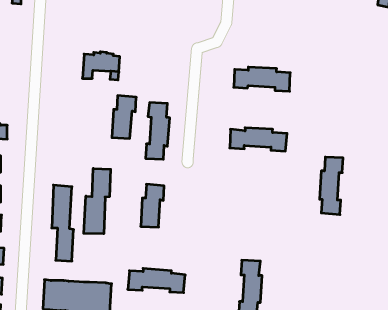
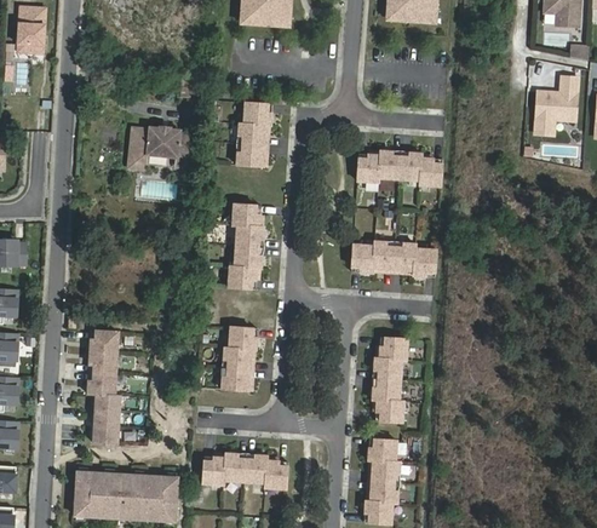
building: none -> [536,78,580,136]
building: [112,96,136,138] -> [235,102,271,166]
building: [320,157,343,215] -> [374,337,409,423]
building: [84,168,111,234] -> none

